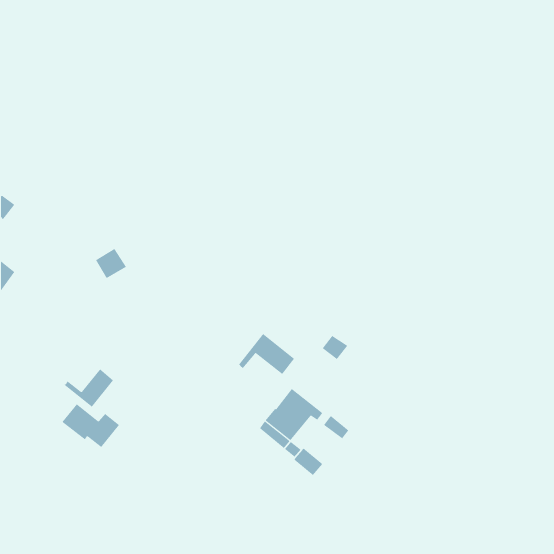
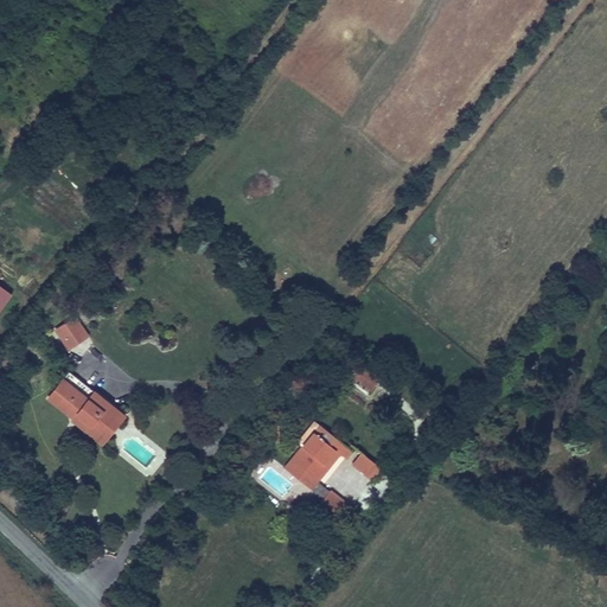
building: [95,248,127,279] -> [55,317,89,350]
building: [238,333,295,375] -> none
building: [61,403,120,448] -> [45,379,109,428]

